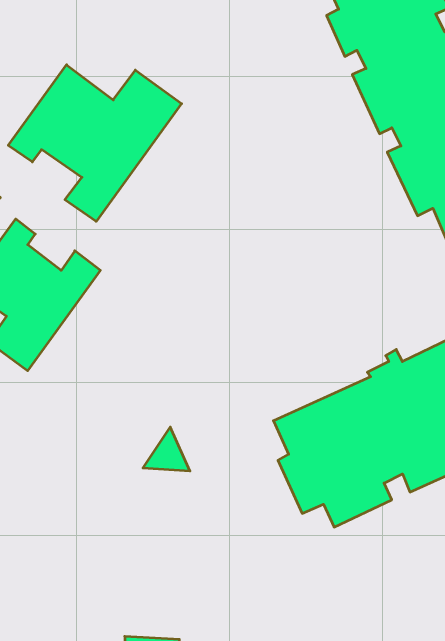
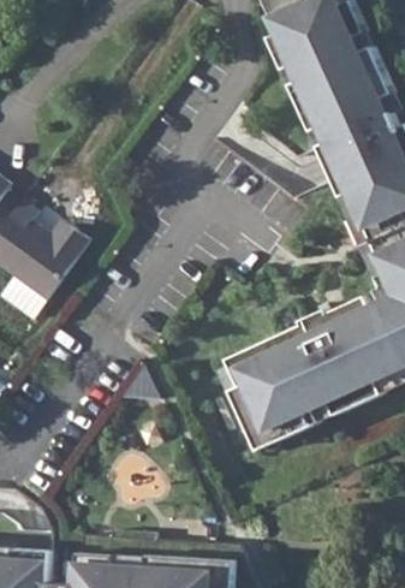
building: [8,65,182,221] -> none

